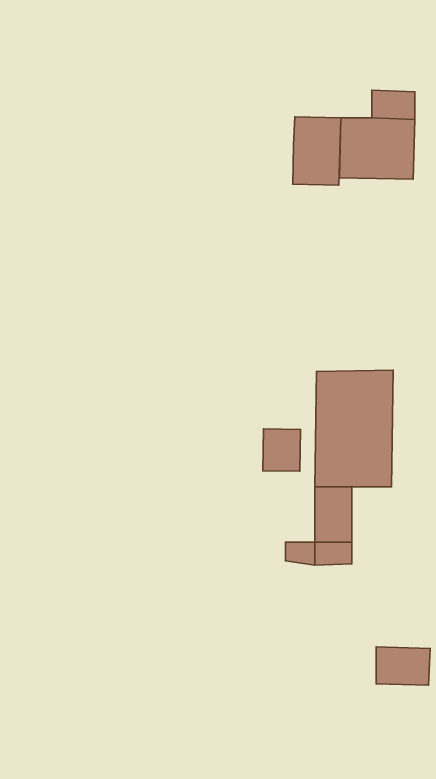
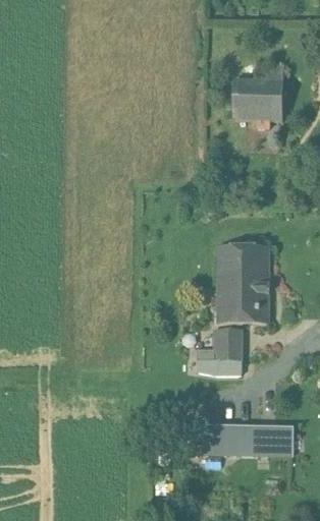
building: [293,117,341,185] -> none
building: [263,429,300,471] -> none
building: none -> [201,428,257,454]

